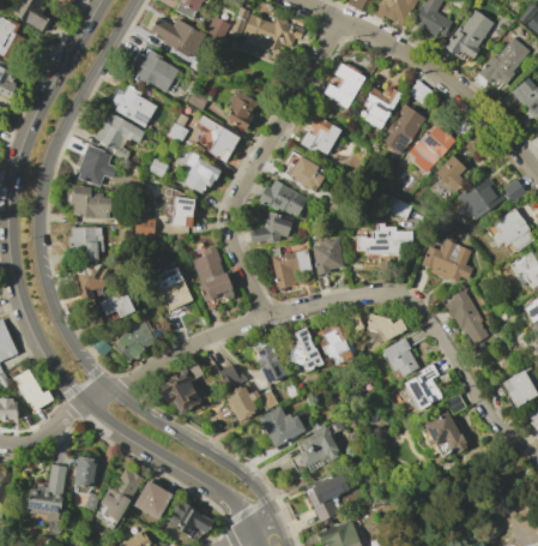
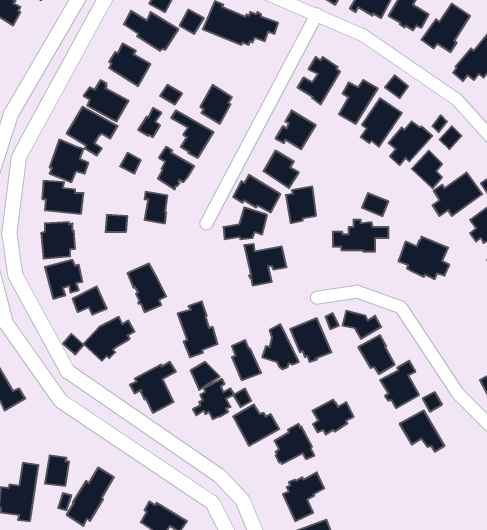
building: [313,238,343,274] -> [286,187,316,223]
building: [192,246,231,301] -> [178,301,218,357]
building: [446,289,488,343] -> none
building: none -> [313,400,353,435]
building: [134,480,173,518] -> none

